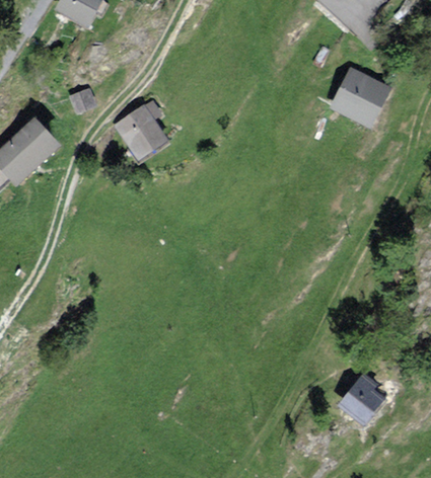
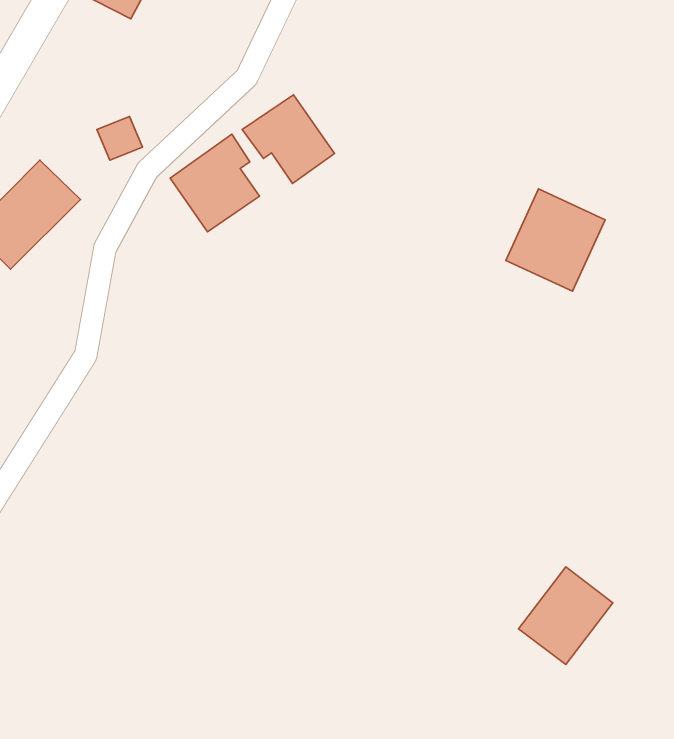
building: [330,69,391,133] -> [506,189,605,291]
building: none -> [242,95,335,183]

